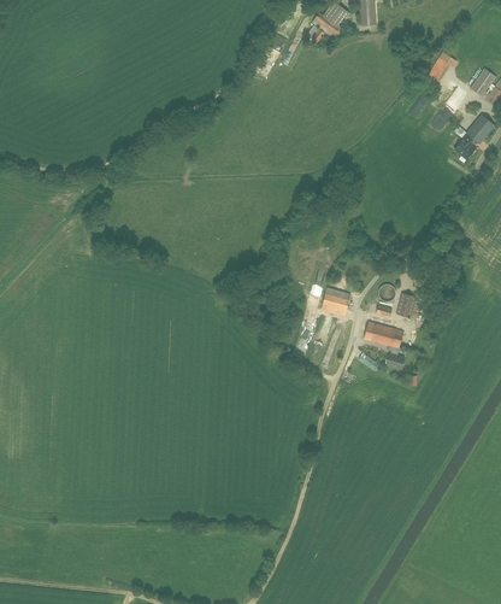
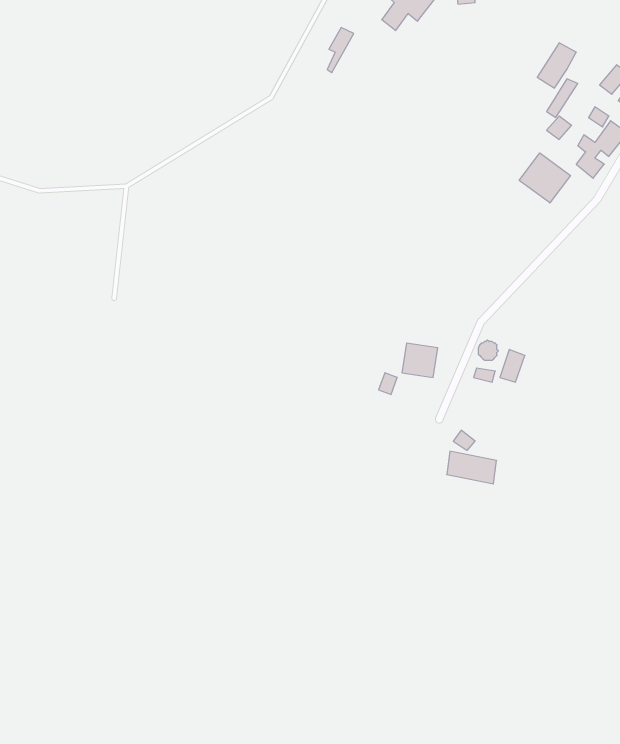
building: none -> [519,153,570,203]
building: [364,322,402,347] -> [447,451,497,484]

